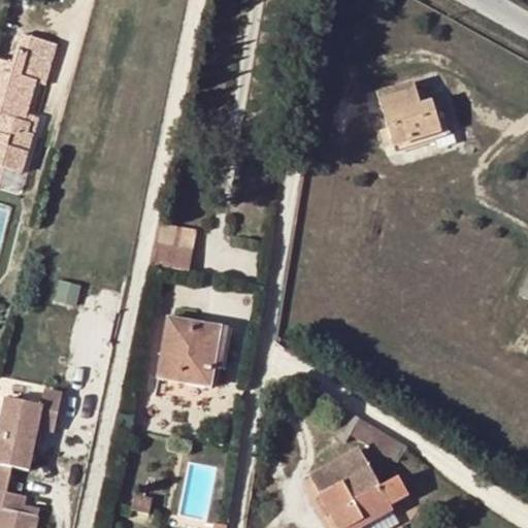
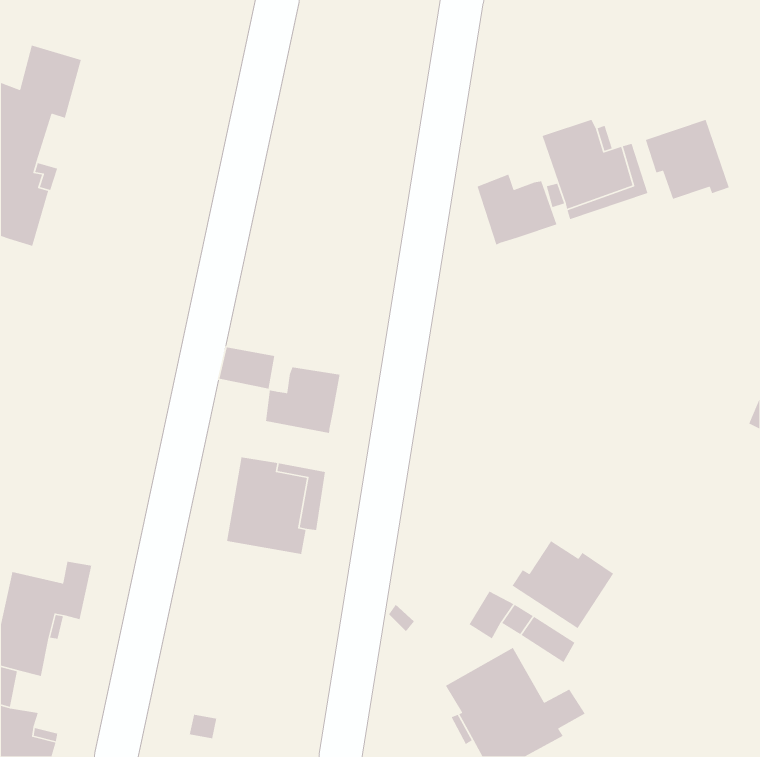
building: none -> [645,119,730,200]
building: none -> [476,173,558,246]
building: none -> [265,366,340,434]
building: none -> [512,540,614,629]

